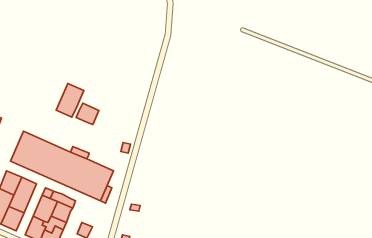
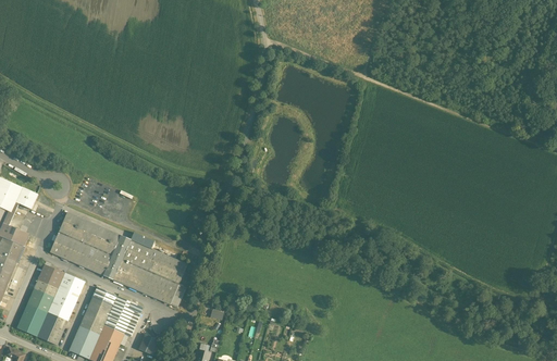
building: [56,83,84,117] -> none
building: [76,103,99,124] -> none

